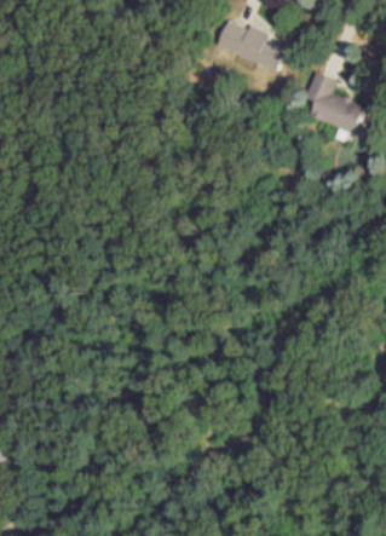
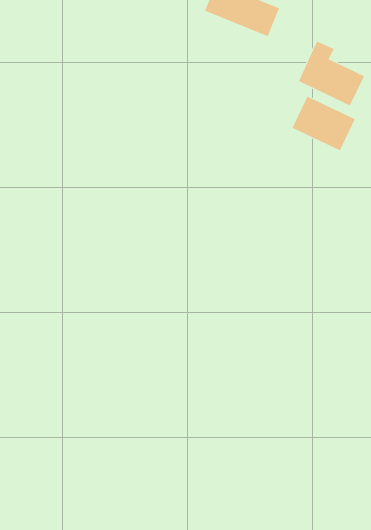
building: none -> [292,96,356,151]

